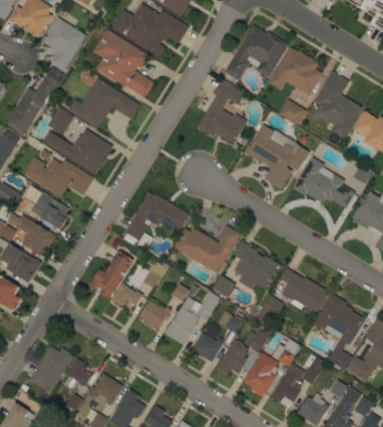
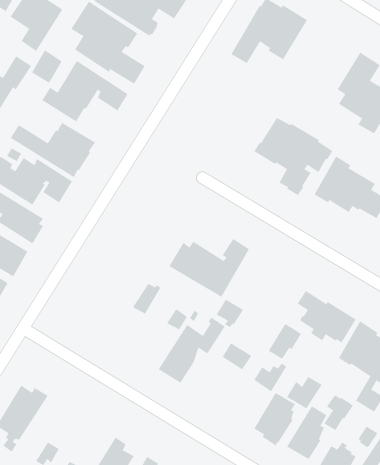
building: [269,47,322,95] -> none
building: [198,79,247,142] -> none
building: [279,98,306,124] -> none
building: [48,106,74,134] -> [31,49,63,83]
building: [125,191,189,241] -> none
building: [234,241,284,289] -> none
building: [90,250,133,299] -> none
building: [113,284,142,307] -> none
building: [139,300,171,329] -> none
building: [192,332,225,361] -> none
building: [217,339,260,374] -> none
building: [64,357,91,389] -> none
building: [88,373,123,406] -> none

